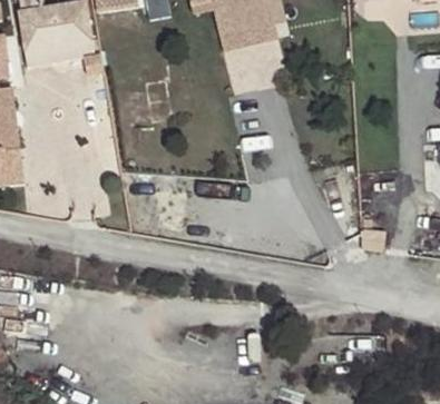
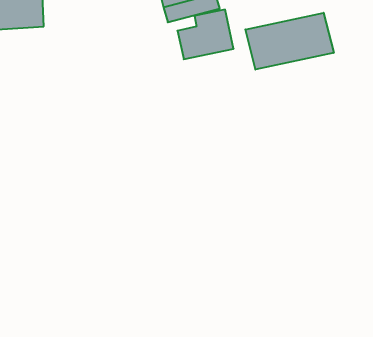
building: none -> [245,13,334,70]

